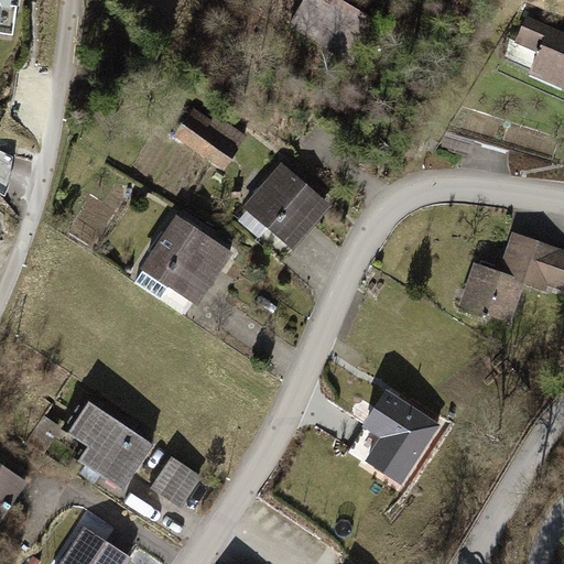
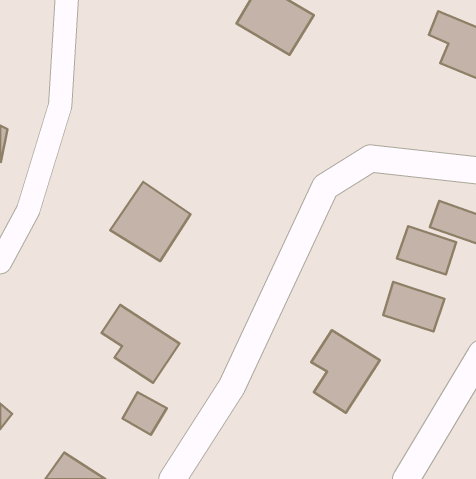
building: [170,95,250,172] -> none
building: [240,160,333,251] -> none
building: none -> [383,282,444,331]
building: [56,404,148,496] -> [101,305,180,383]

